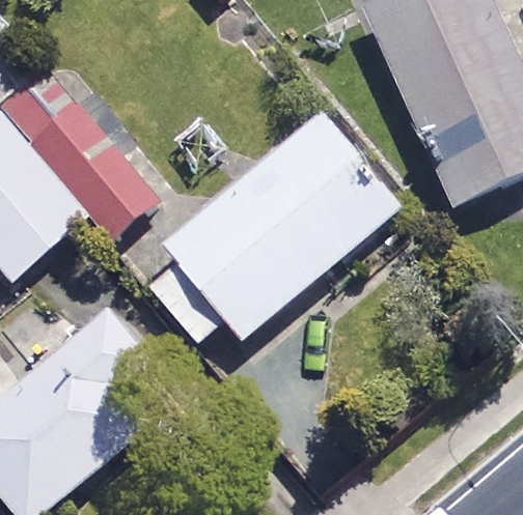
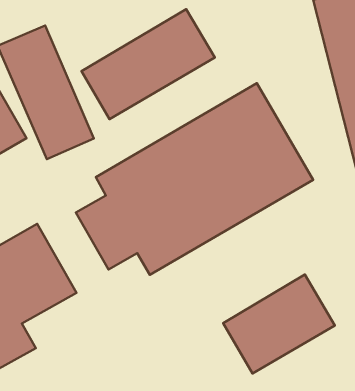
building: none -> [82,9,215,119]
building: none -> [223,274,335,374]

